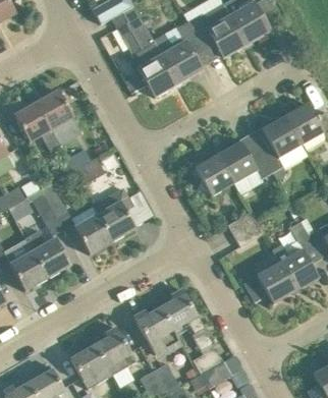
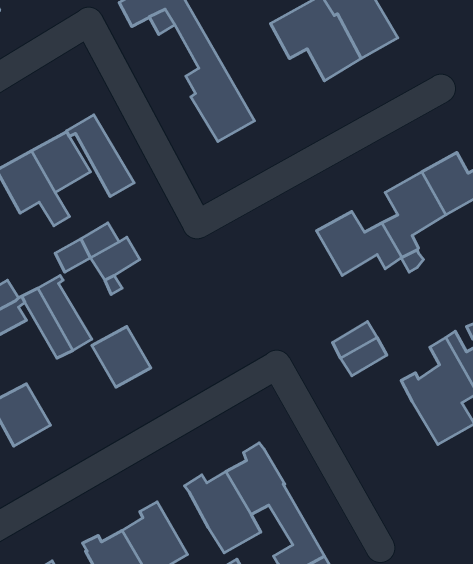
building: [154,21,202,83] -> none
building: none -> [66,115,134,196]
building: [195,154,234,195] -> none
building: [92,188,135,241] -> none
building: [24,230,70,278] -> none
building: [243,263,295,303] -> none

